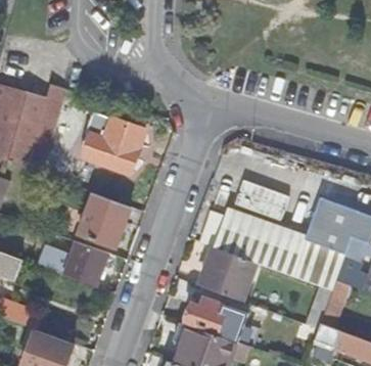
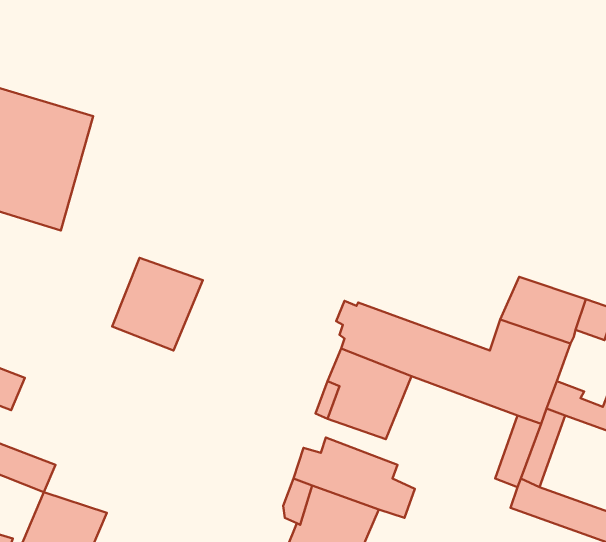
building: [82,110,143,173] -> none
building: [234,176,292,217] -> none
building: [37,240,104,284] -> none

